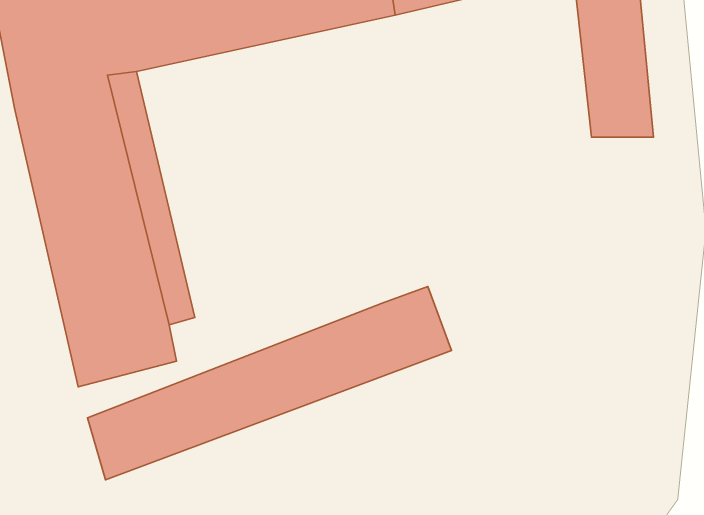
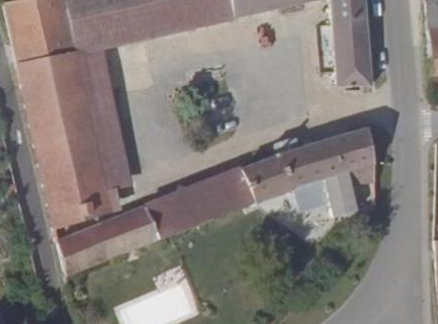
building: none -> [248,128,376,219]

